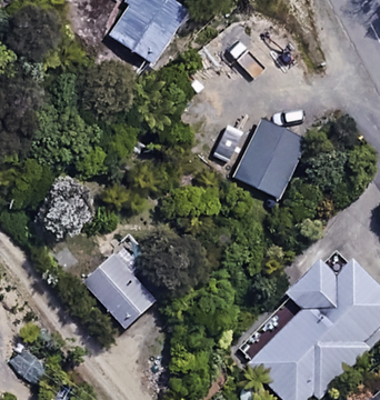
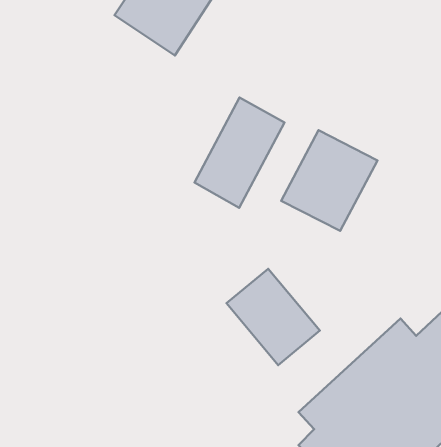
building: none -> [194,98,284,208]
building: [84,254,157,329] -> [226,269,320,365]

